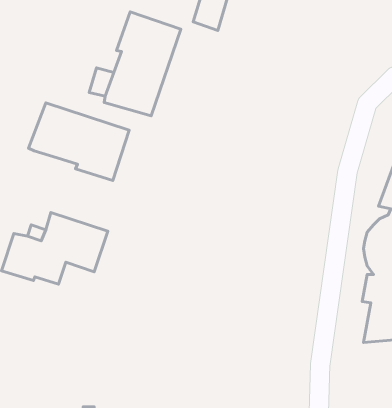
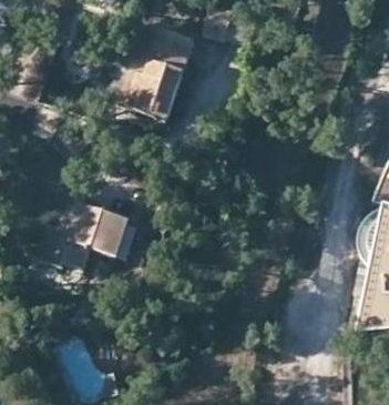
building: [29,103,129,181] -> none

